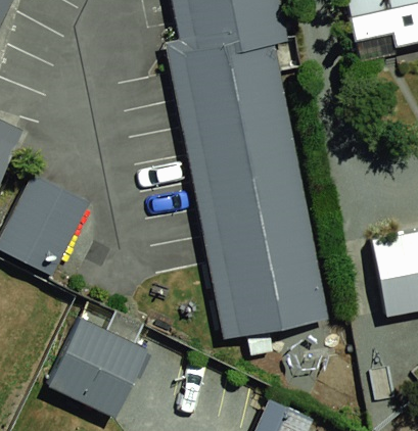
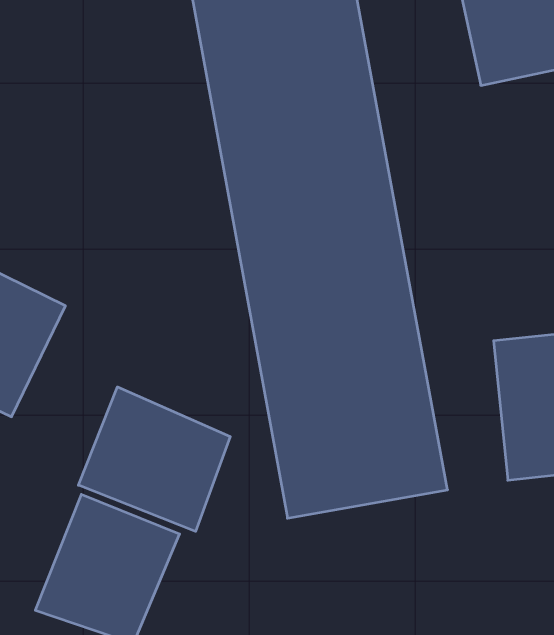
building: none -> [78,387,230,531]

